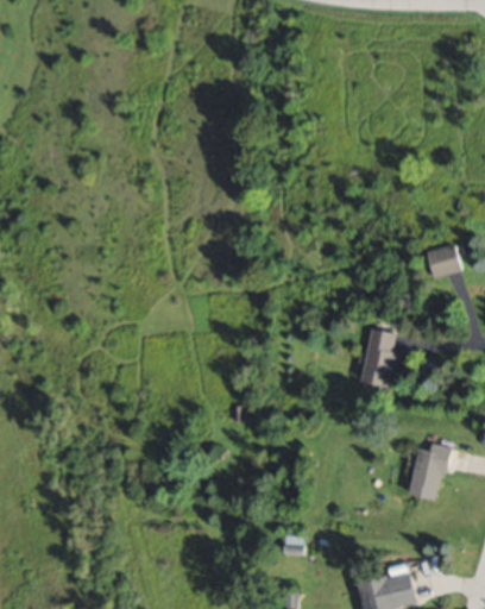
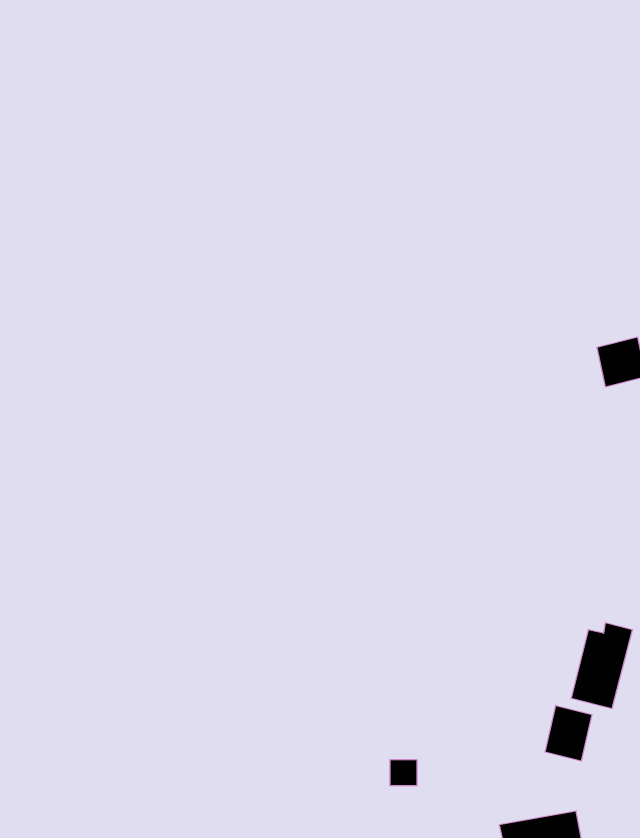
building: [360,327,398,385] -> none
building: none -> [545,705,592,761]

